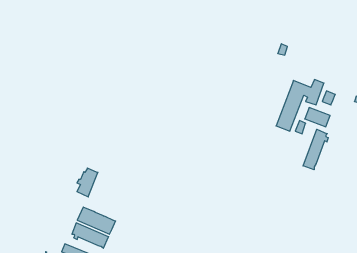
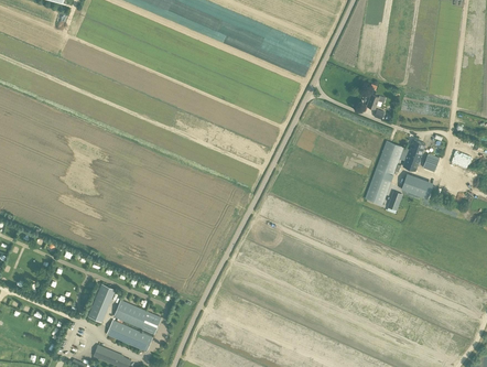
building: [303,129,328,170] -> none
building: [77,168,98,197] -> [87,285,113,322]

